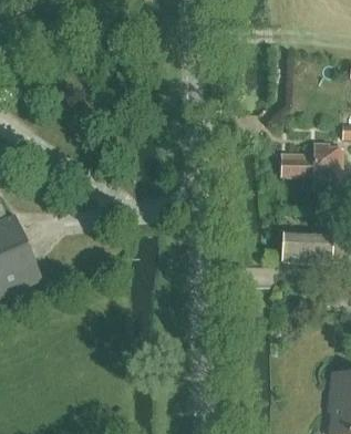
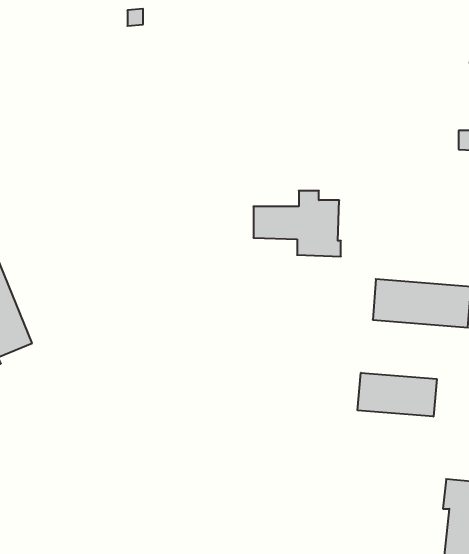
building: [281,142,343,188] -> [253,191,341,256]
building: none -> [358,373,437,417]

